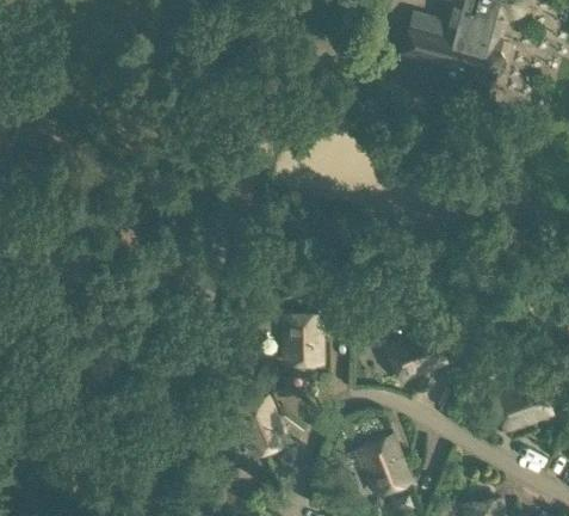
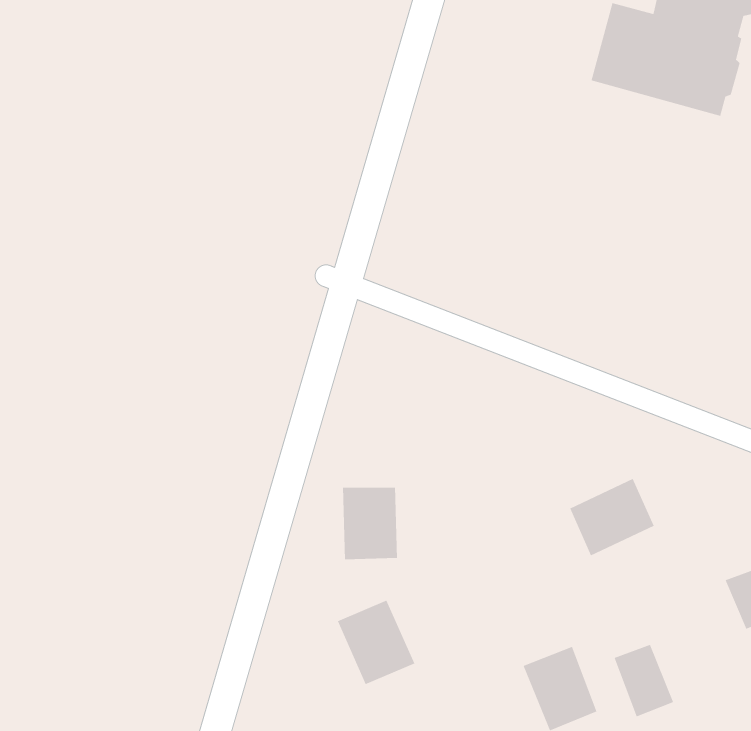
building: [286,309,323,358] -> [342,487,398,560]
building: none -> [613,644,674,717]

